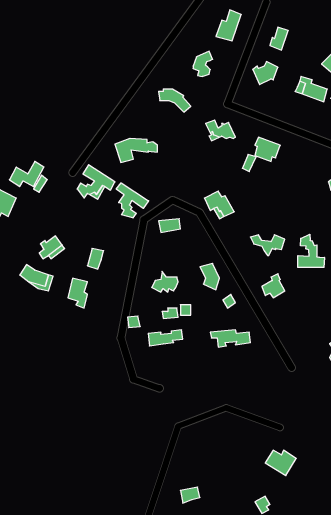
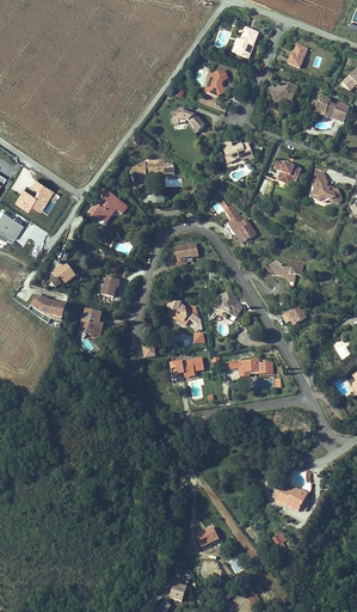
building: none -> [310,167,341,201]
building: [116,183,149,218] -> none
building: [298,234,324,267] -> none

